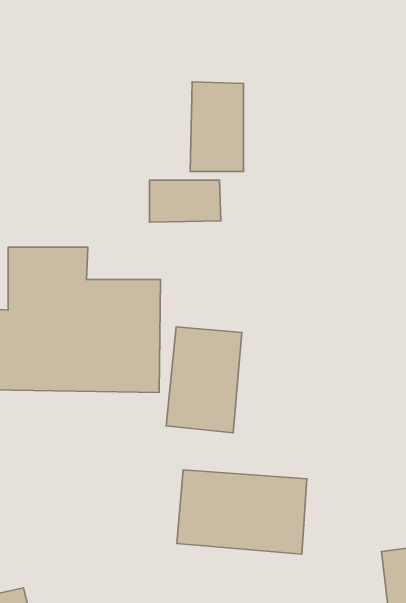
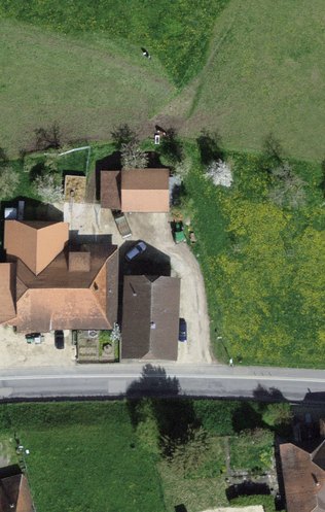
building: [190,82,244,172] -> none
building: [177,470,307,554] -> none

